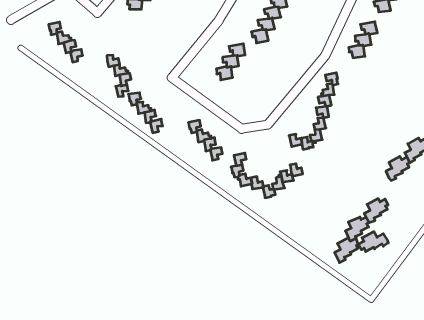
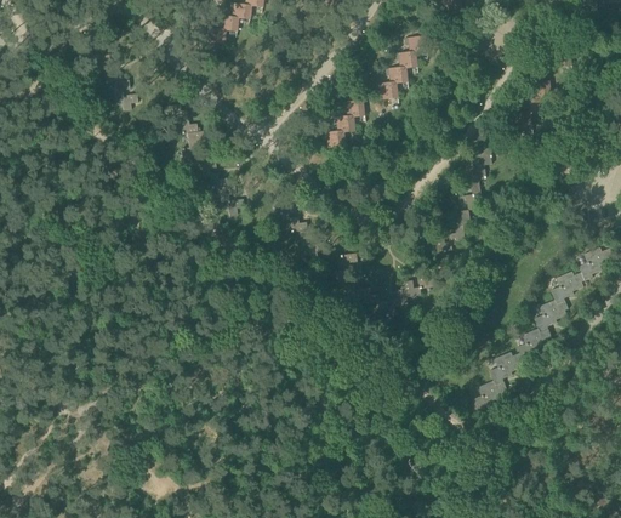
building: none -> [535,300,569,332]
building: [358,232,388,252] -> none

